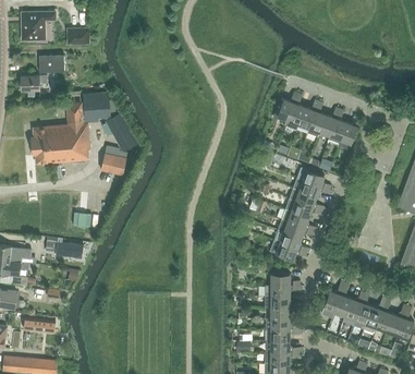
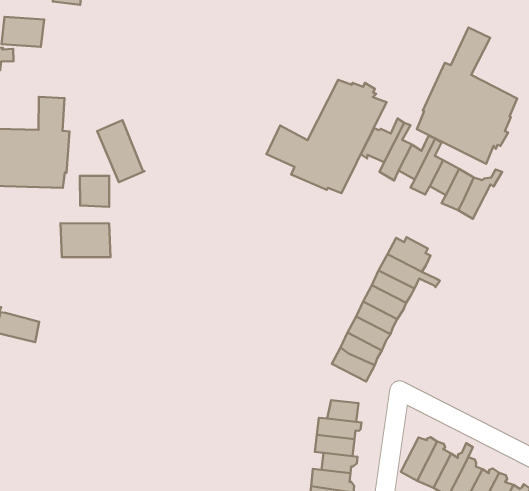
building: none -> [417,27,517,164]
building: none -> [267,80,387,193]
building: [83,91,111,118] -> none
building: none -> [61,223,111,257]

